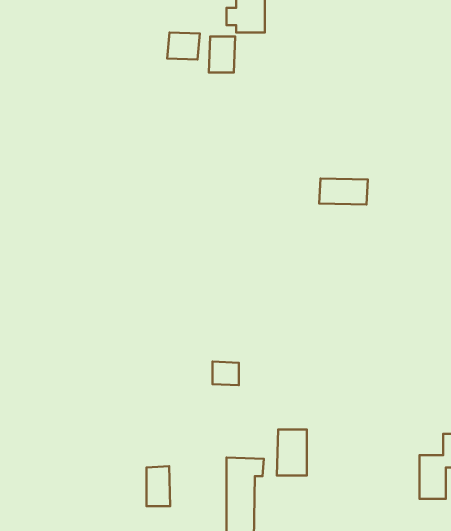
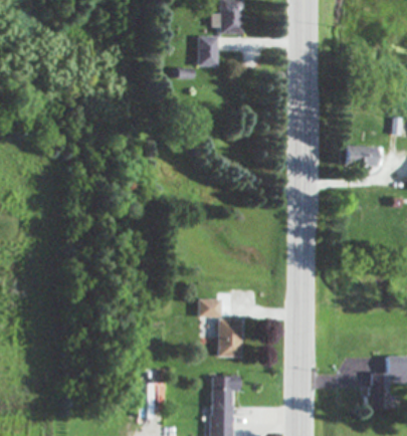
building: [167,32,200,60] -> none
building: [319,178,368,205] -> [342,146,381,167]
building: [277,430,307,476] -> [218,319,242,357]

